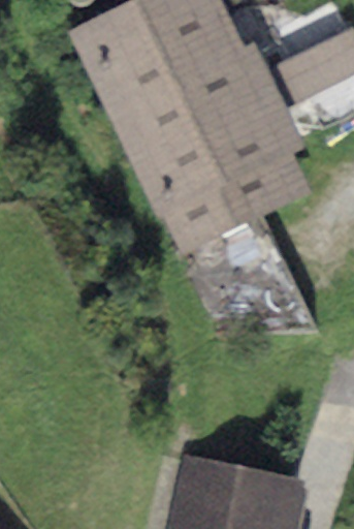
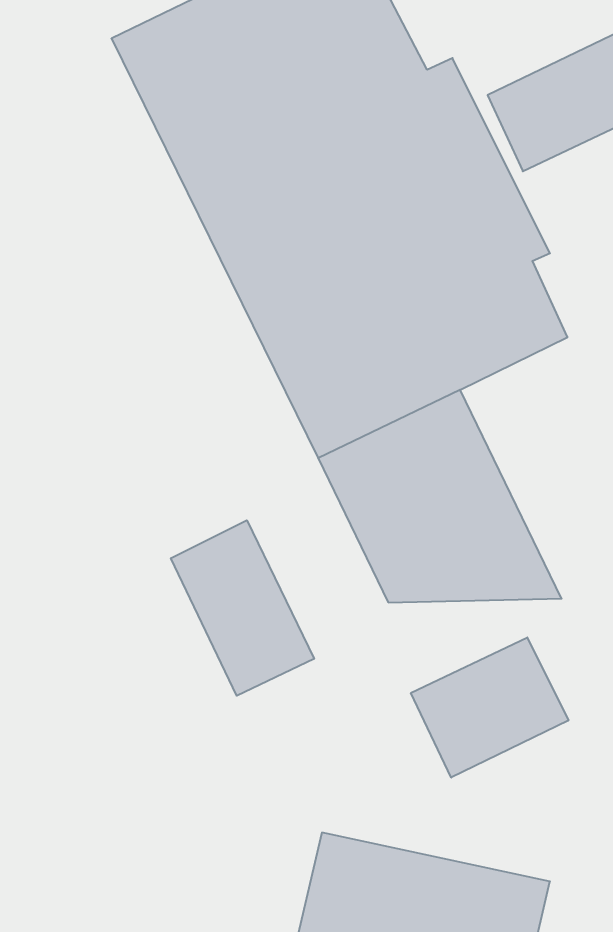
building: none -> [171,520,314,696]
building: none -> [411,637,568,778]

